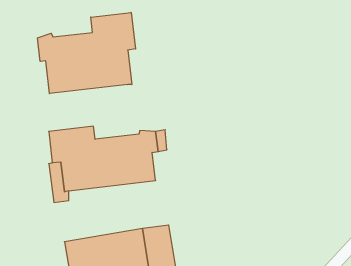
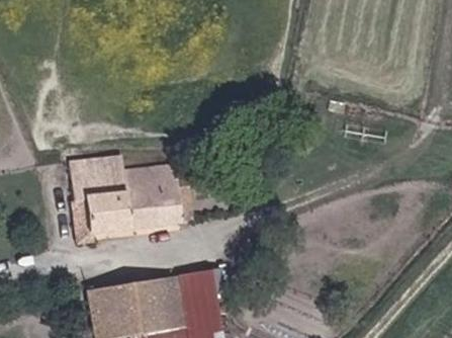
building: [38,12,136,94] -> none

